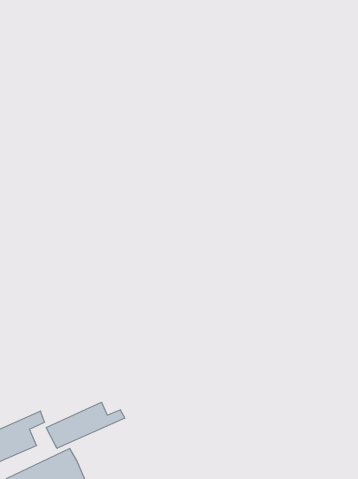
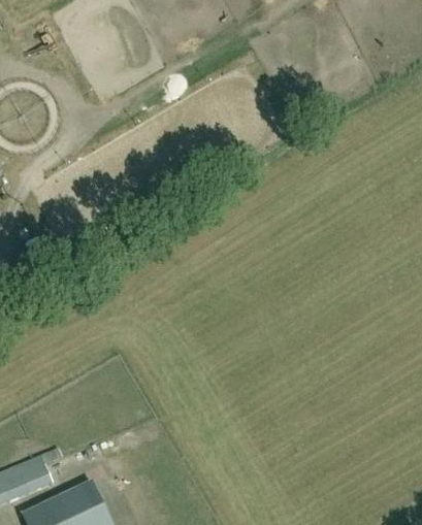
building: [46,402,125,448] -> none

